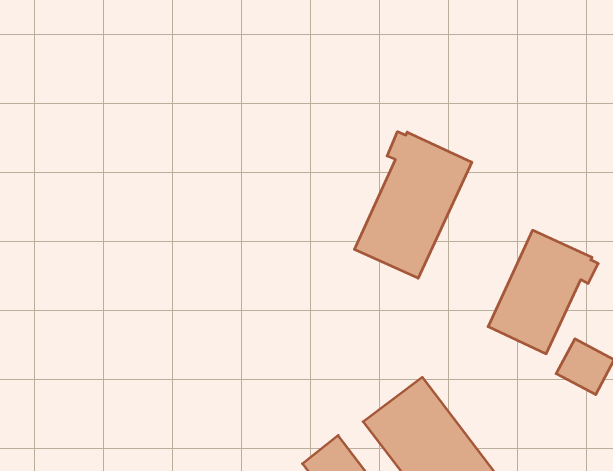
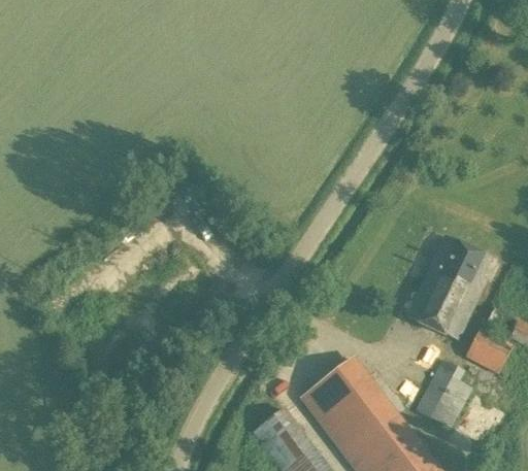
building: [354,132,472,278] -> none
building: none -> [415,361,471,429]

